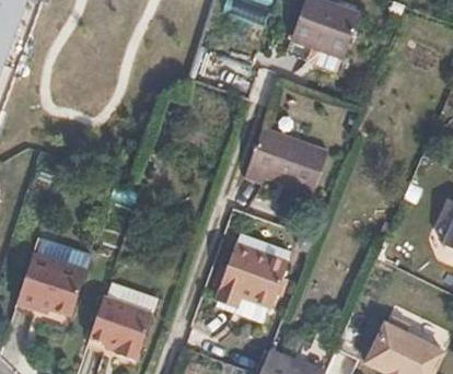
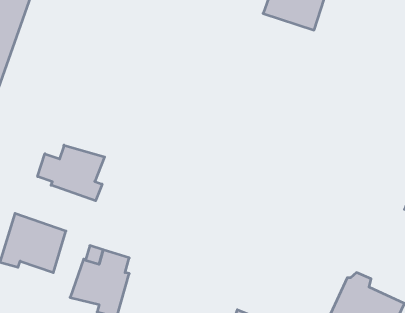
building: [244,126,327,195] -> none
building: none -> [38,145,105,201]
building: [218,243,286,320] -> none

